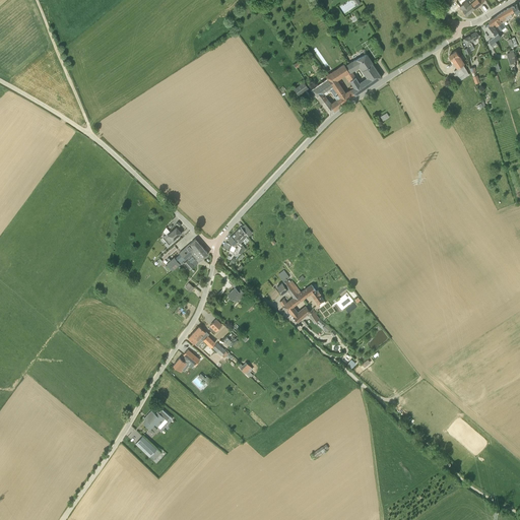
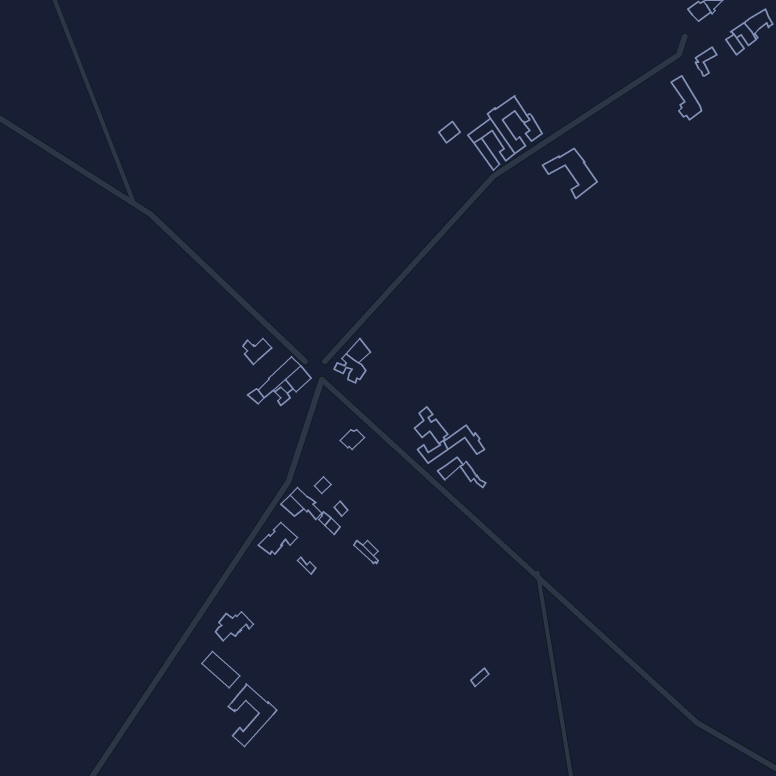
building: [344,54,381,87] -> [542,148,597,199]
building: none -> [228,684,277,747]

